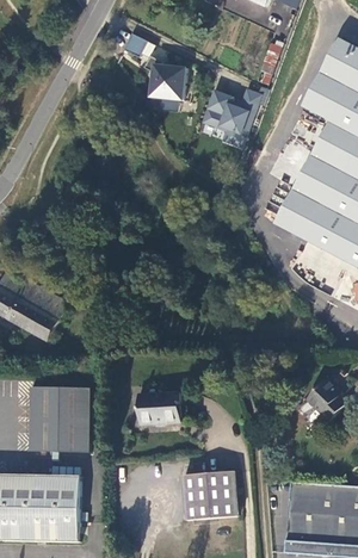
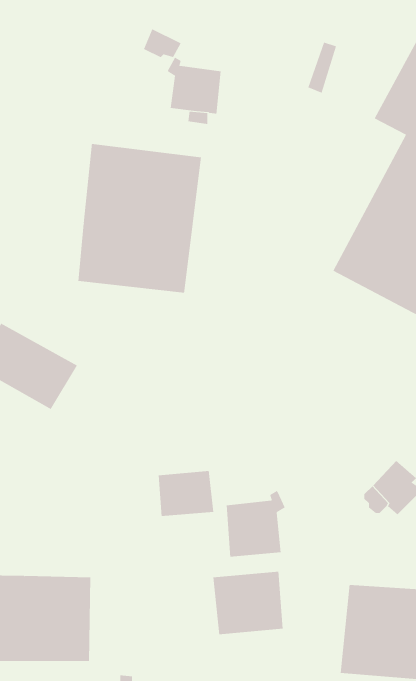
building: [199,83,267,148] -> none
building: none -> [78,143,202,294]
building: [27,385,88,451] -> none
building: none -> [226,489,285,557]

